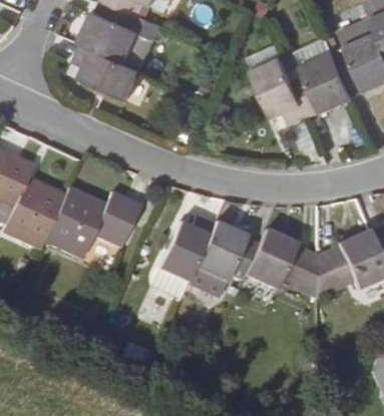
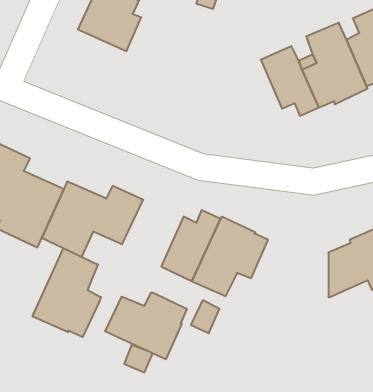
building: [73,43,140,99] -> none
building: [246,228,317,296] -> none
building: none -> [33,248,101,337]
building: none -> [105,292,187,359]

